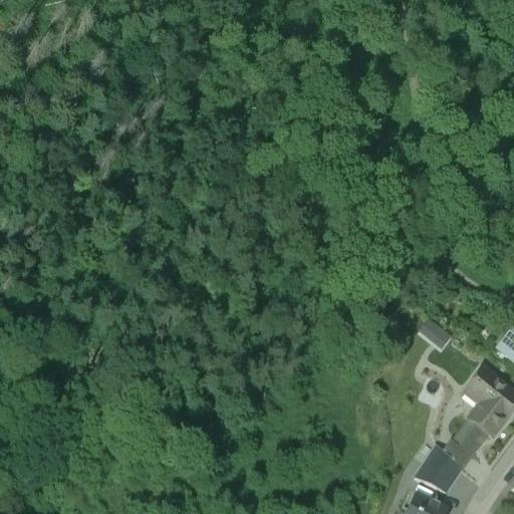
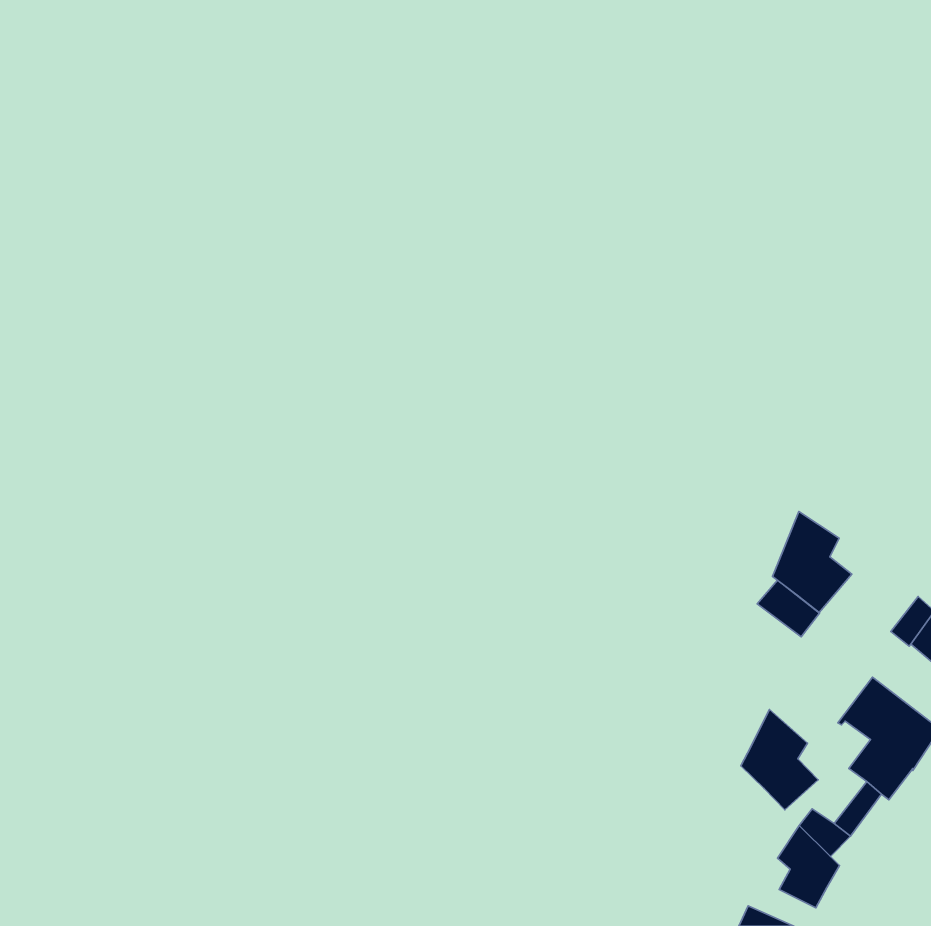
building: none -> [772,512,852,612]
building: none -> [741,710,818,810]

